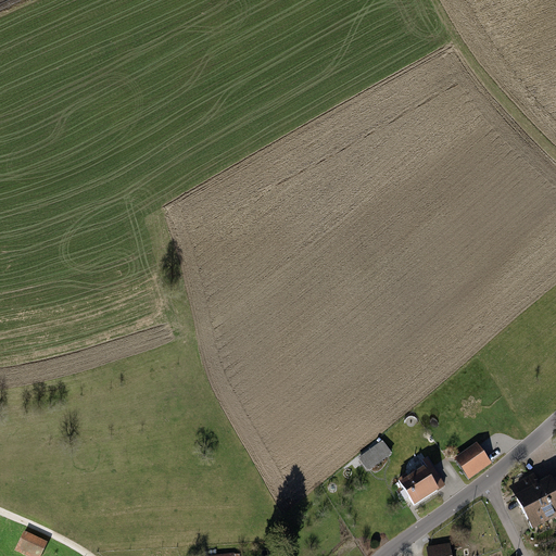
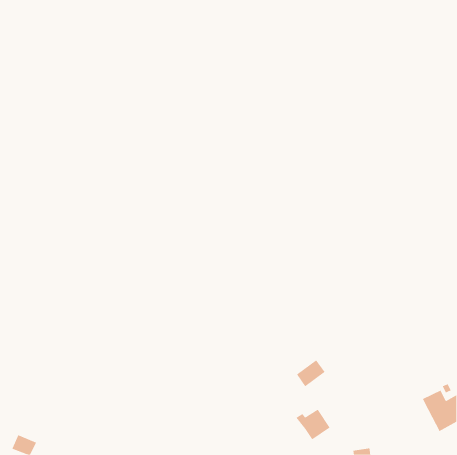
building: [455,443,490,477] -> none
building: [399,468,441,506] -> [296,409,331,440]

